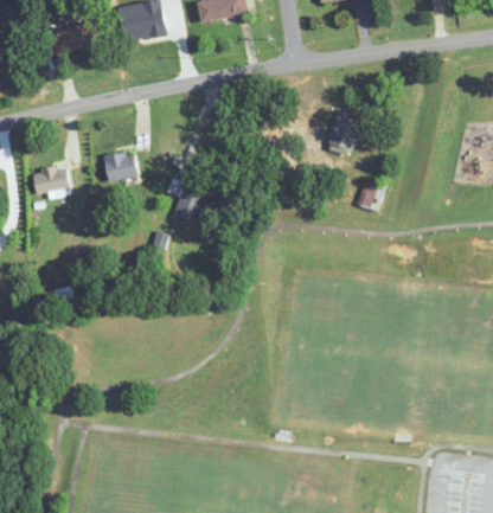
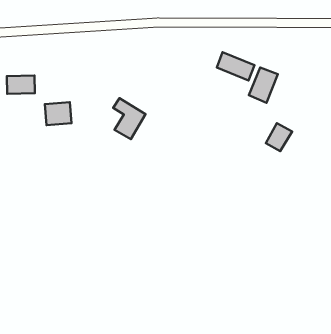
building: none -> [217,52,254,80]
building: [103,150,139,182] -> [45,102,71,125]

